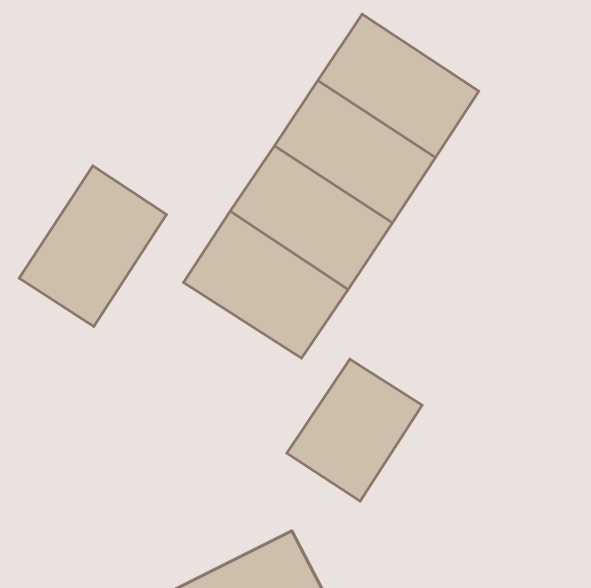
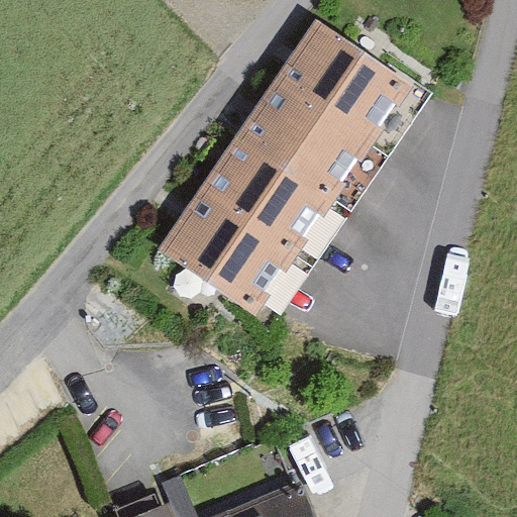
building: [19,166,167,326] -> none
building: [287,359,422,501] -> none

